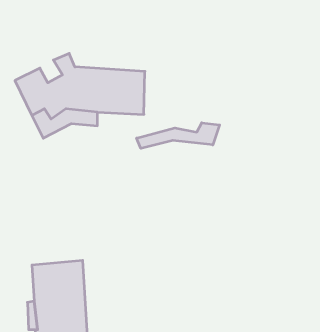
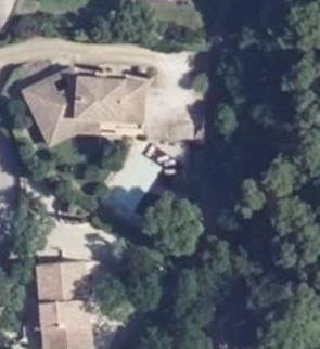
building: [137,123,220,148] -> none

